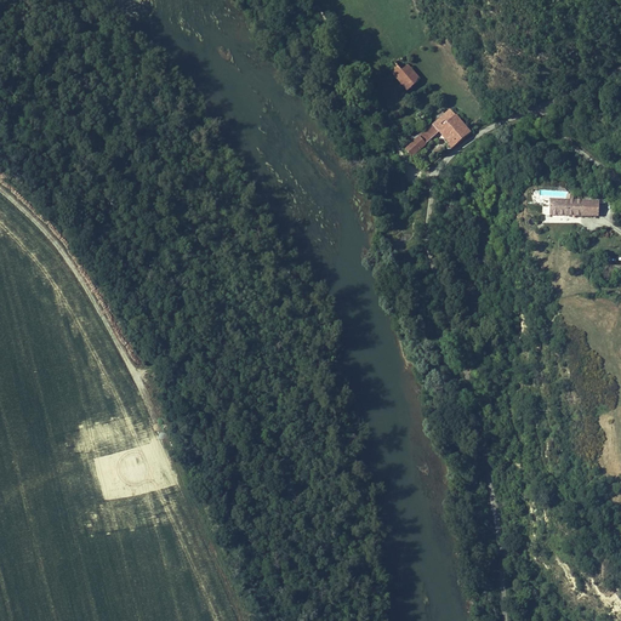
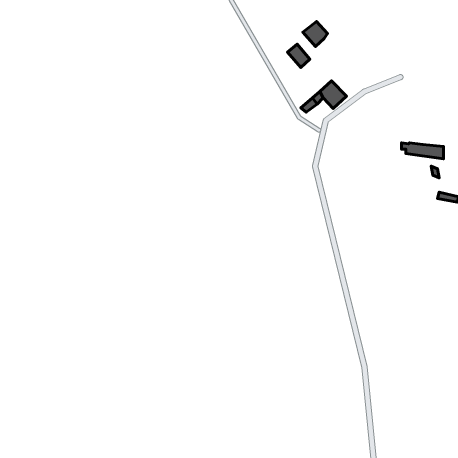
building: none -> [303,21,327,47]

